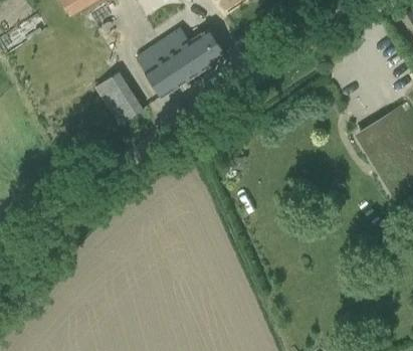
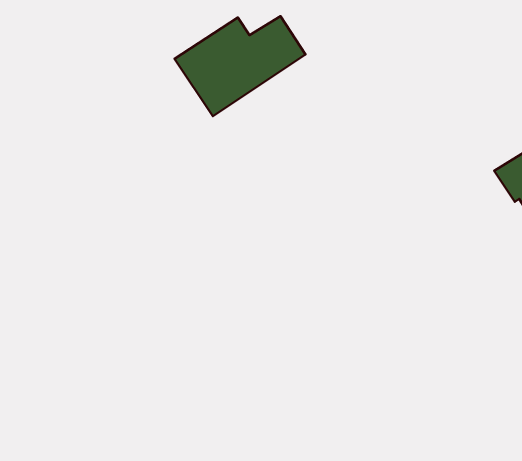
building: [94,70,143,125] -> none

